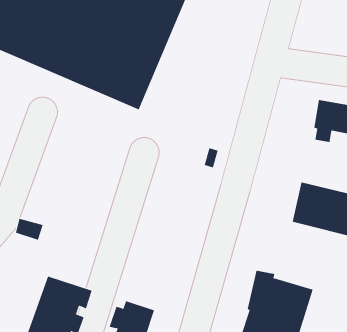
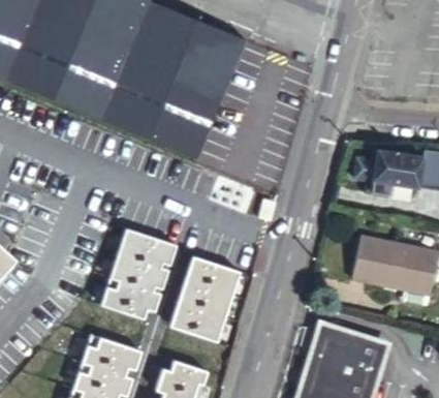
building: none -> [102,227,176,318]
building: none -> [169,255,240,341]

